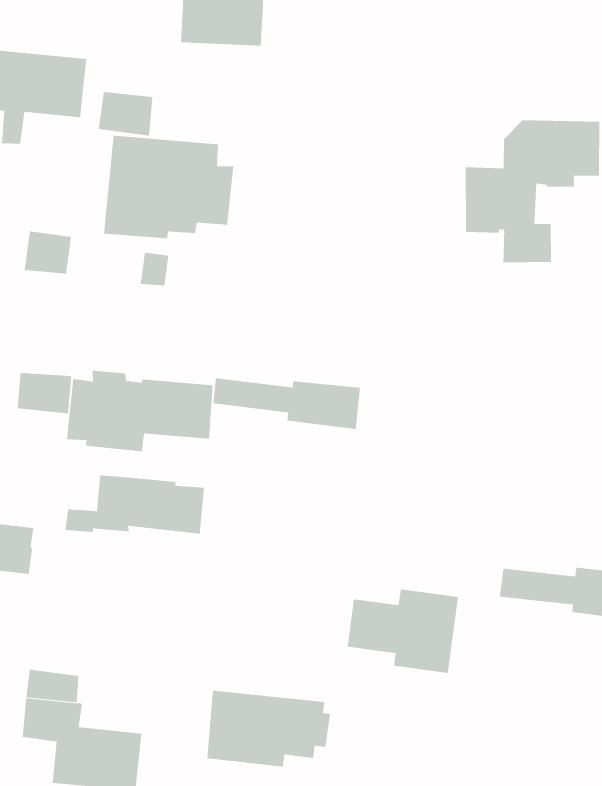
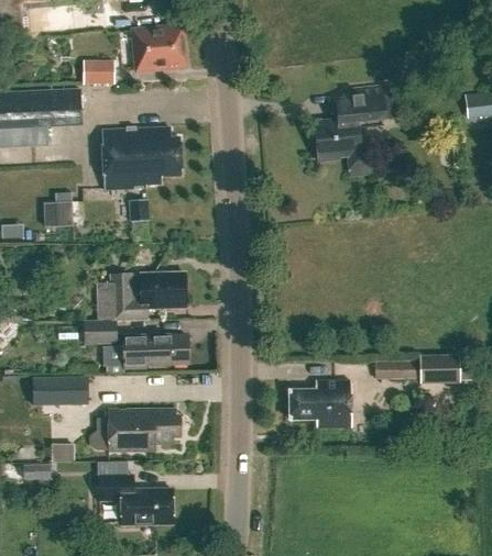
building: [98,92,153,136] -> [83,58,114,82]
building: [17,373,72,414] -> [83,321,116,345]
building: [213,377,361,430] -> none
building: [207,690,331,767] -> [103,411,177,455]

